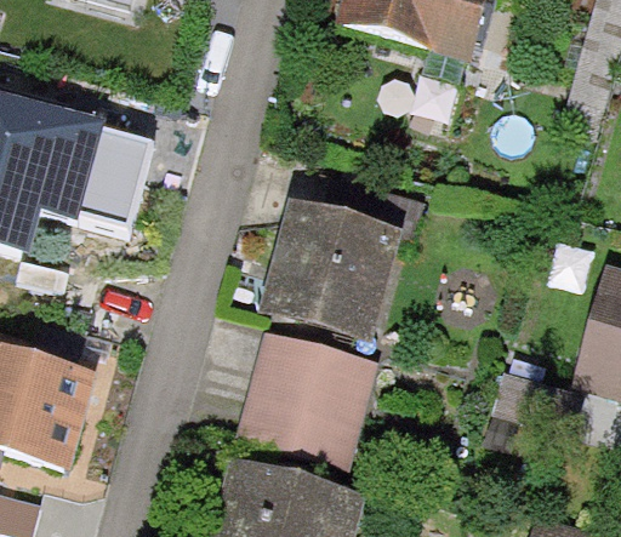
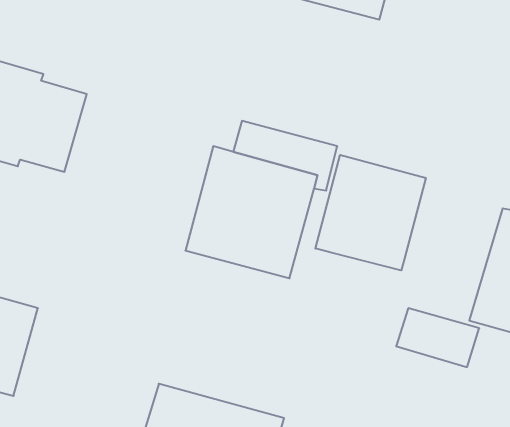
building: none -> [315,155,426,270]
building: [234,331,380,474] -> none

